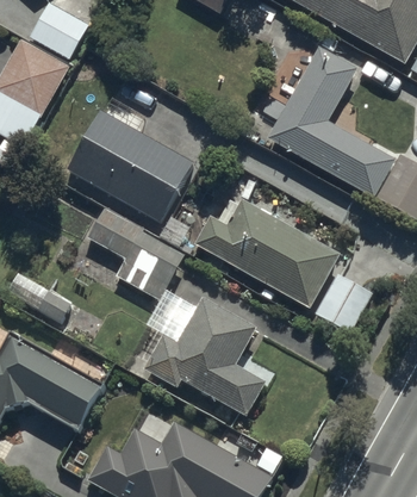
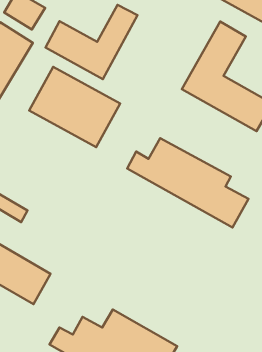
building: none -> [46,5,138,79]
building: [82,206,178,293] -> none
building: [151,305,262,418] -> none

